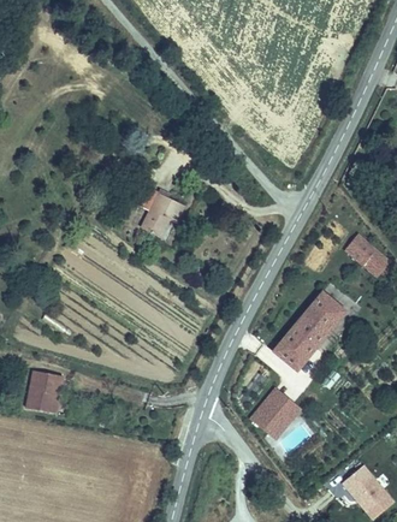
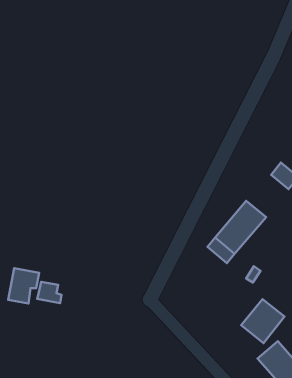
building: [142,191,185,238] -> none
building: [247,387,301,443] -> [241,299,285,343]
building: none -> [37,282,62,303]

